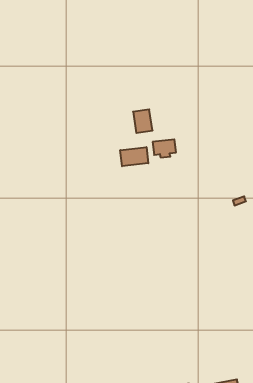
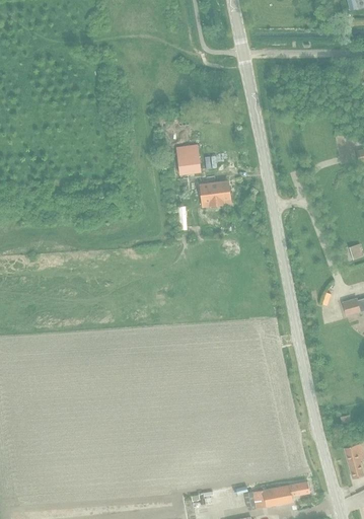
building: [120,147,148,166] -> none

